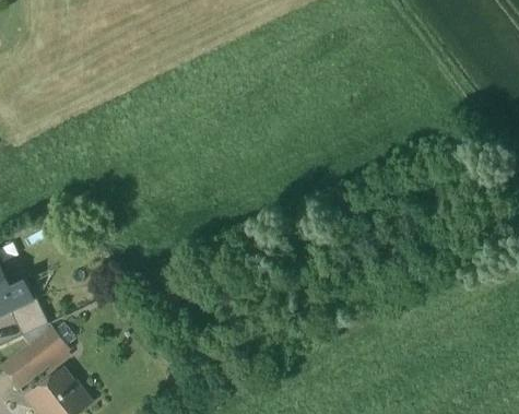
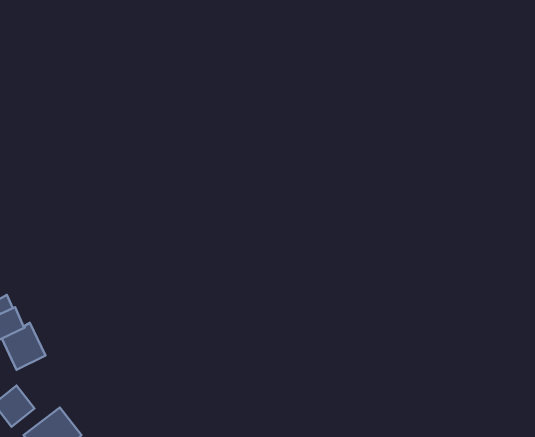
building: [23,323,69,371] -> none

